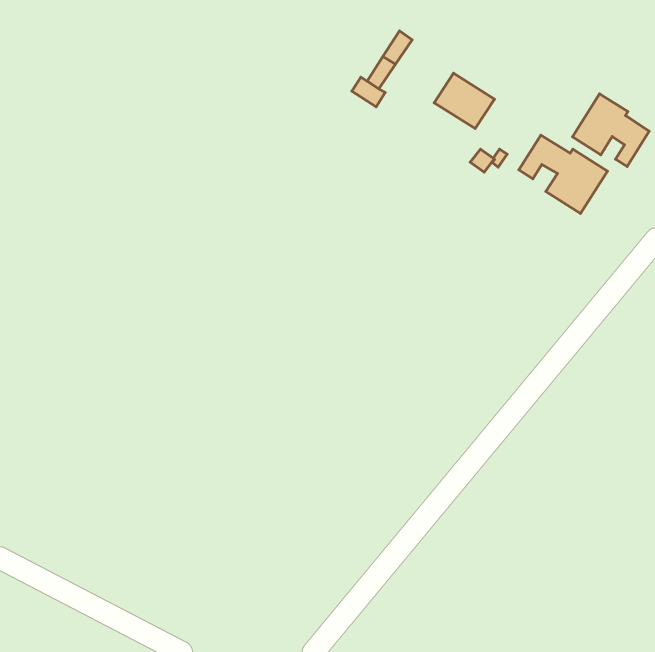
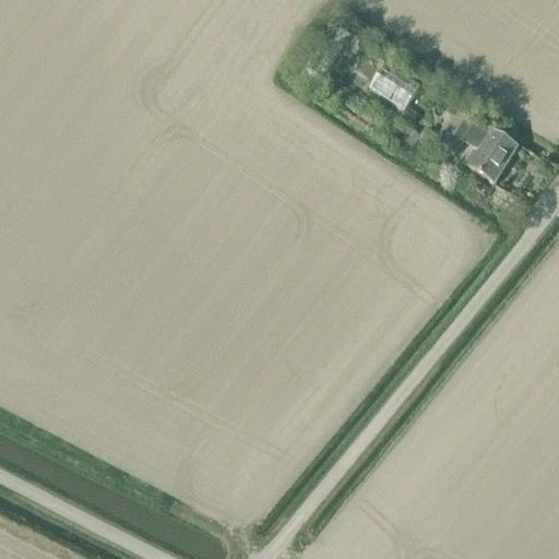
building: [572,94,649,166] -> none

